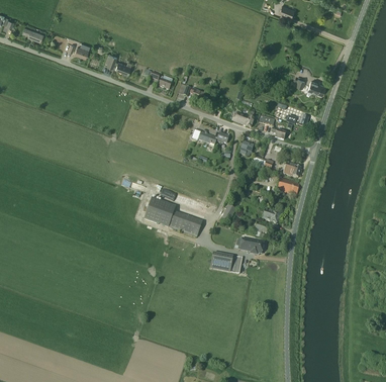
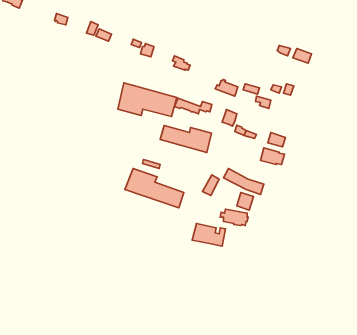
building: none -> [118,83,177,117]
building: none -> [160,126,211,153]

